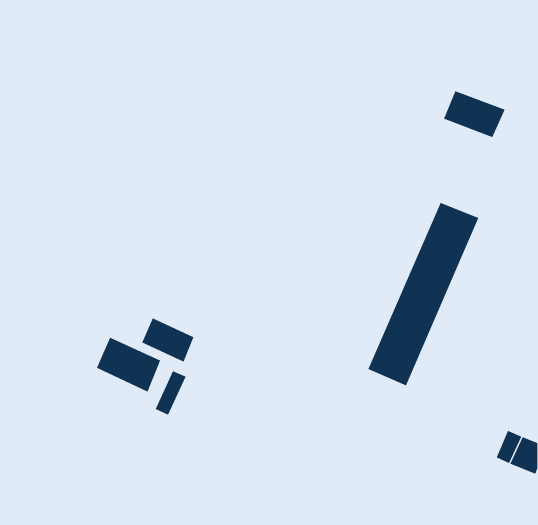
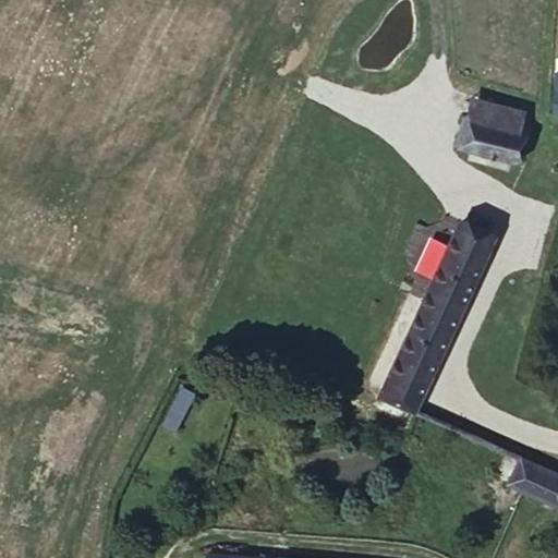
building: [141,318,194,363] -> none
building: [96,337,161,392] -> none

